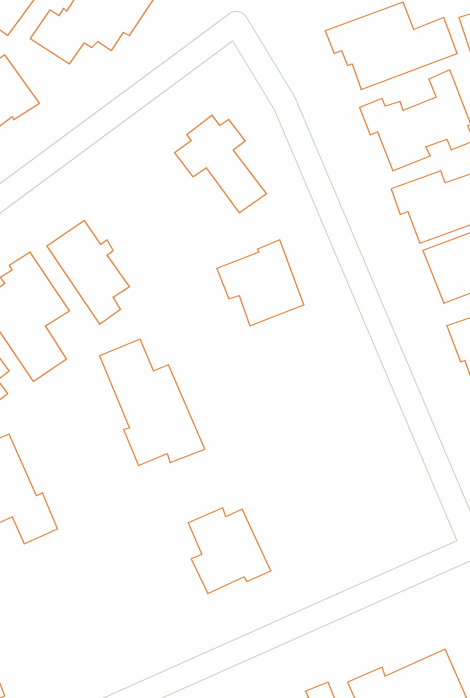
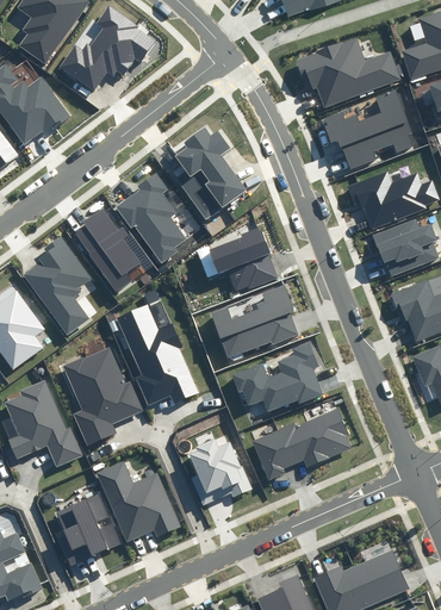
building: none -> [178,169,226,222]
building: none -> [117,172,186,262]
building: none -> [209,286,298,359]
building: none -> [231,342,322,413]
building: none -> [62,347,141,443]
building: none -> [253,409,349,479]
building: none -> [95,461,180,543]
building: none -> [56,496,119,566]

